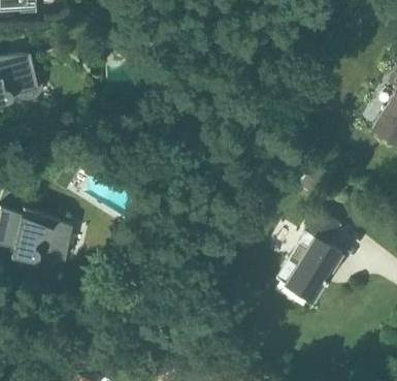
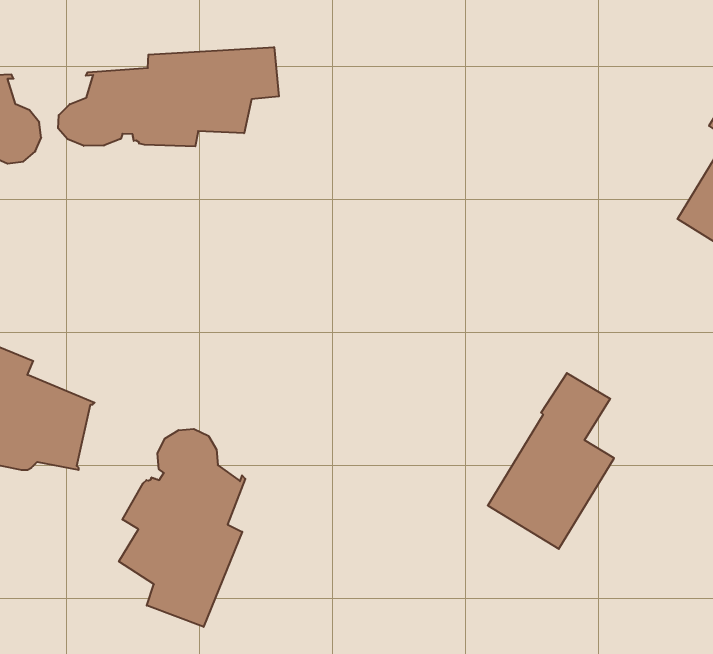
building: none -> [58,47,279,146]
building: none -> [119,429,245,627]

